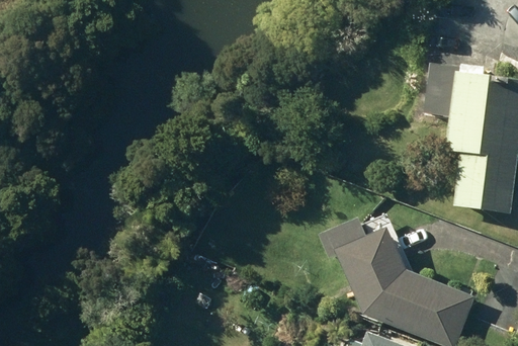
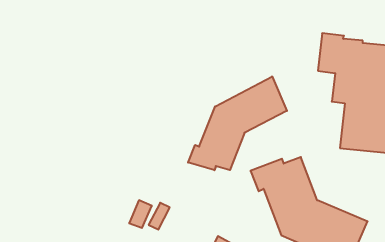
building: none -> [188,76,287,170]

